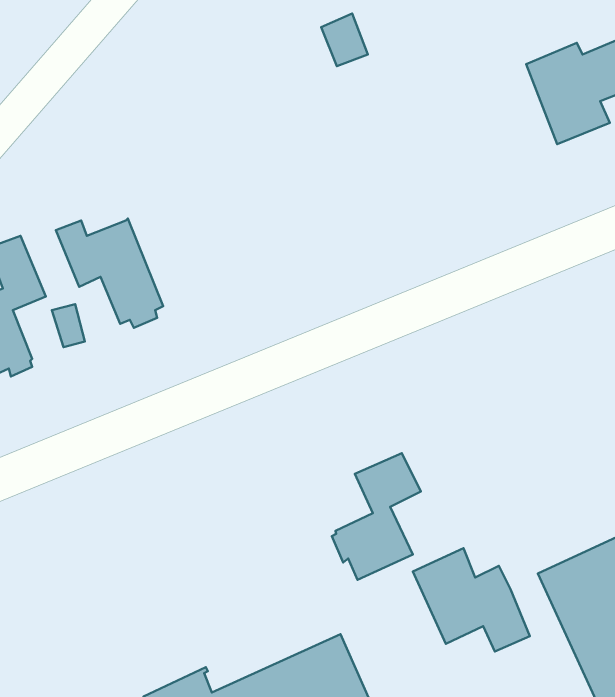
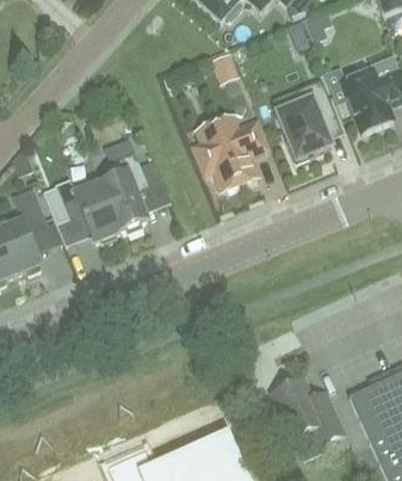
building: none -> [278,78,336,164]
building: none -> [193,115,266,189]
building: none -> [95,152,148,233]
building: [332,453,421,580] -> none

